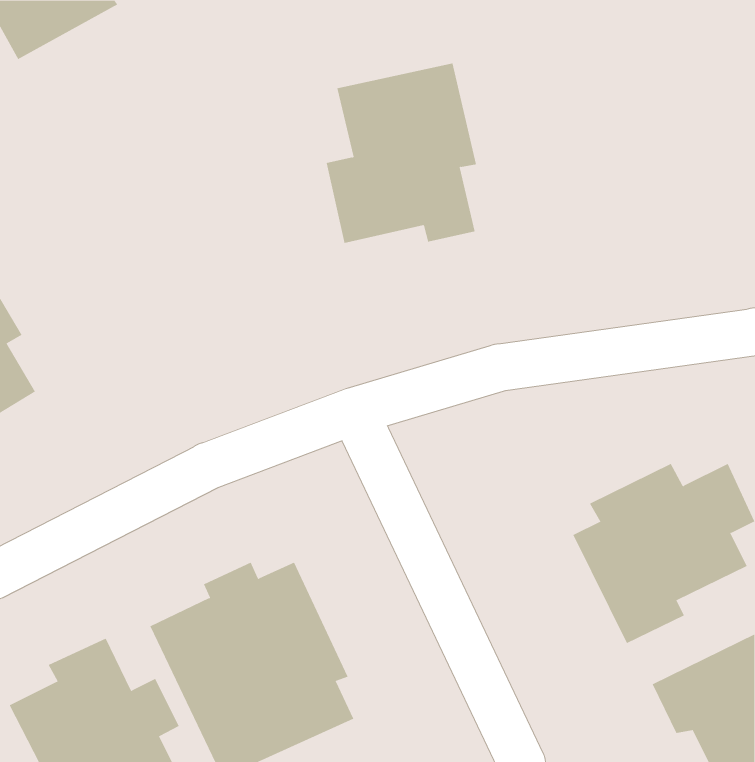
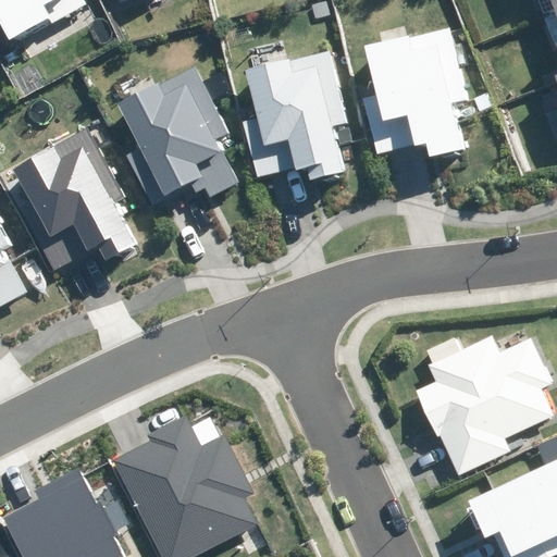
building: none -> [361,29,468,156]
building: none -> [116,63,236,205]
building: none -> [15,134,141,274]

